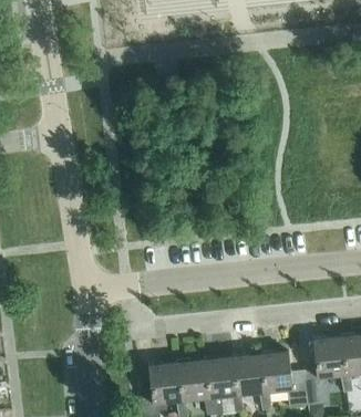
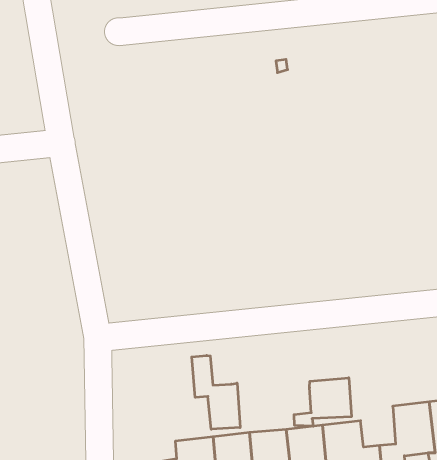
building: none -> [192,355,240,429]
building: none -> [294,378,351,426]

